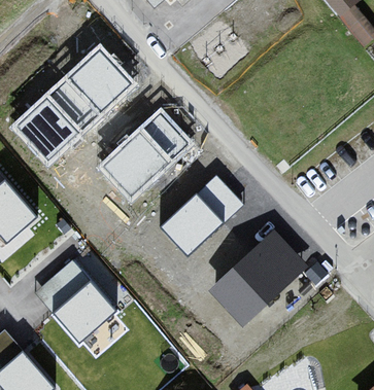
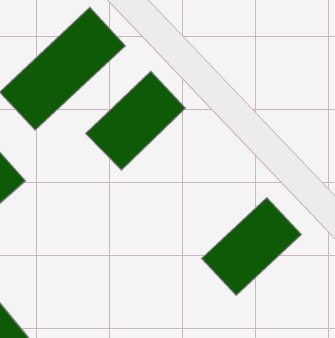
building: [159,176,239,255] -> none
building: [53,259,113,341] -> none

